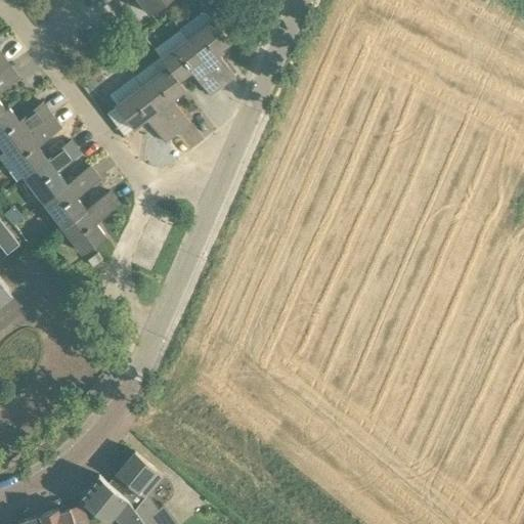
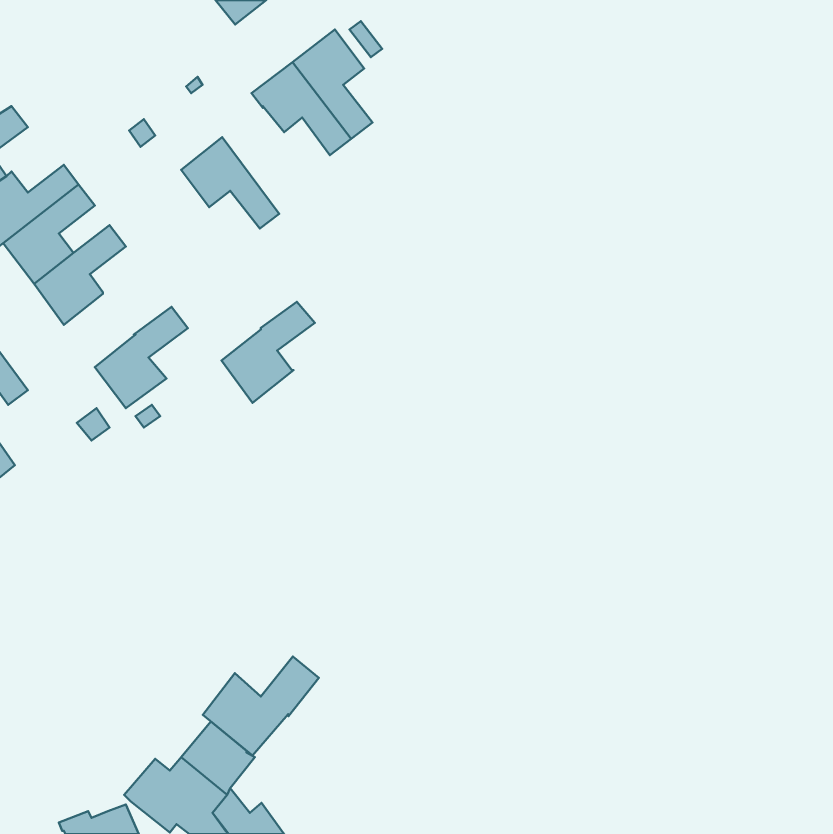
building: [139,67,188,134] -> none
building: [40,167,98,230] -> [222,302,315,403]
building: none -> [203,657,319,756]

